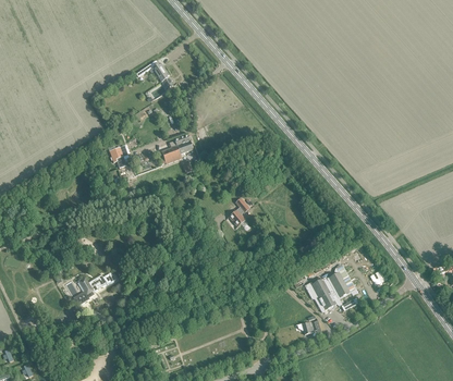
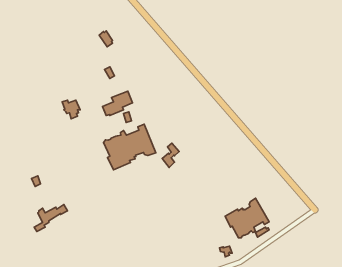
building: none -> [103,124,156,170]

